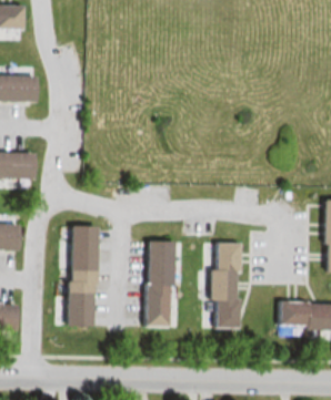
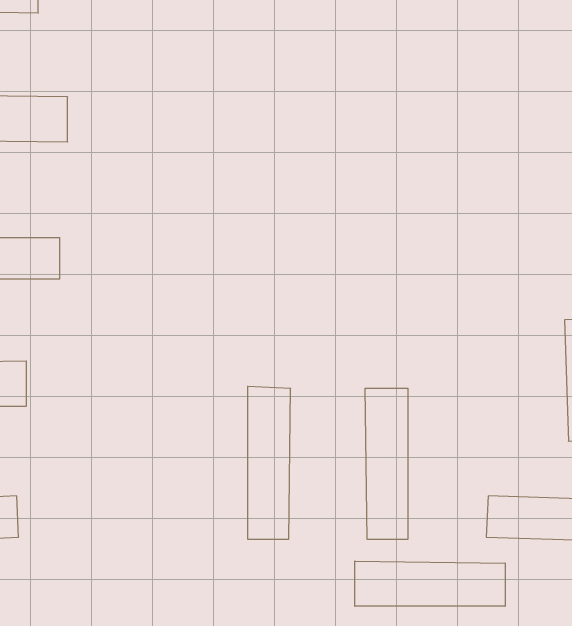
building: [70,225,94,324] -> none
building: none -> [355,561,505,606]

